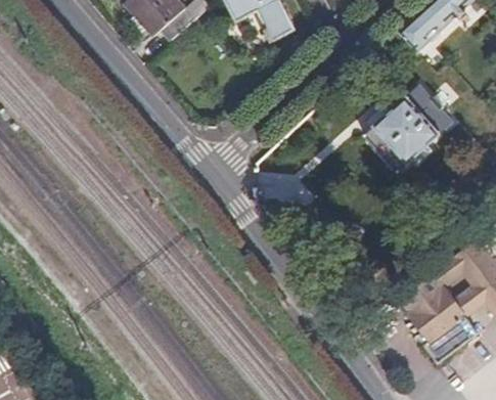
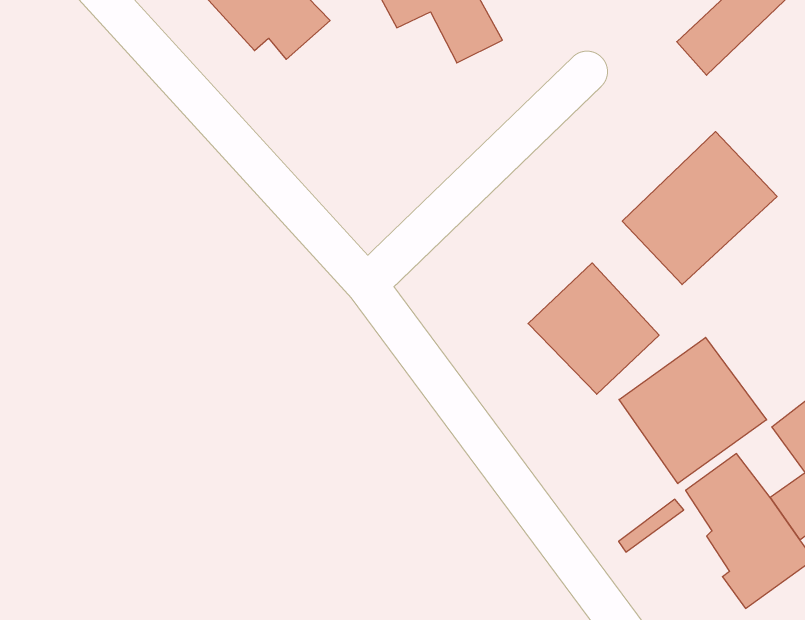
building: none -> [528,263,659,394]
building: none -> [619,337,767,484]

